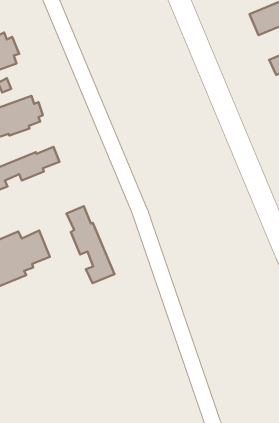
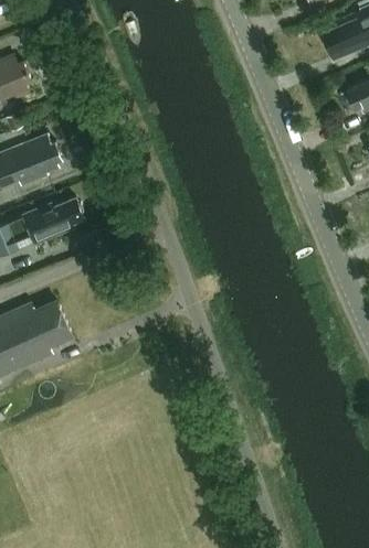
building: [67,206,114,283] -> none

